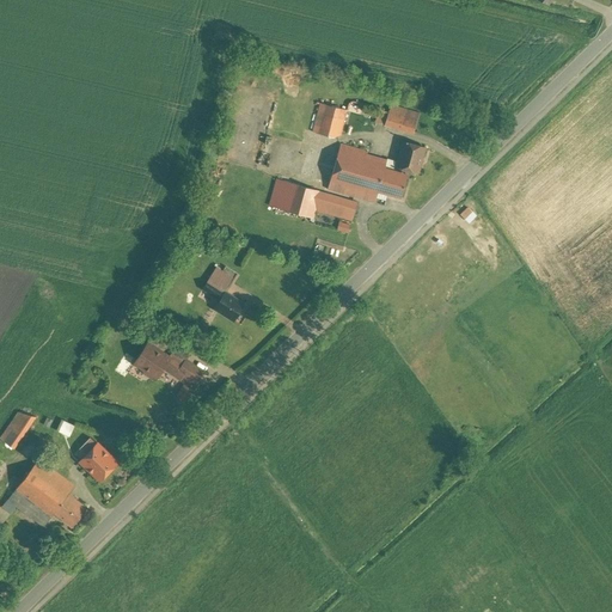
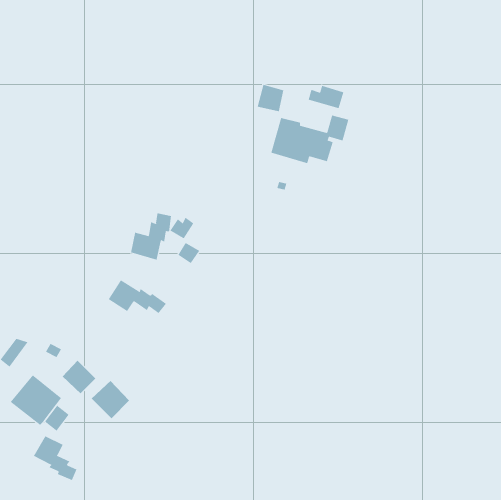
building: [269,179,357,221] -> none
building: none -> [131,212,172,261]
building: none -> [91,380,130,419]
building: none -> [33,435,77,481]

